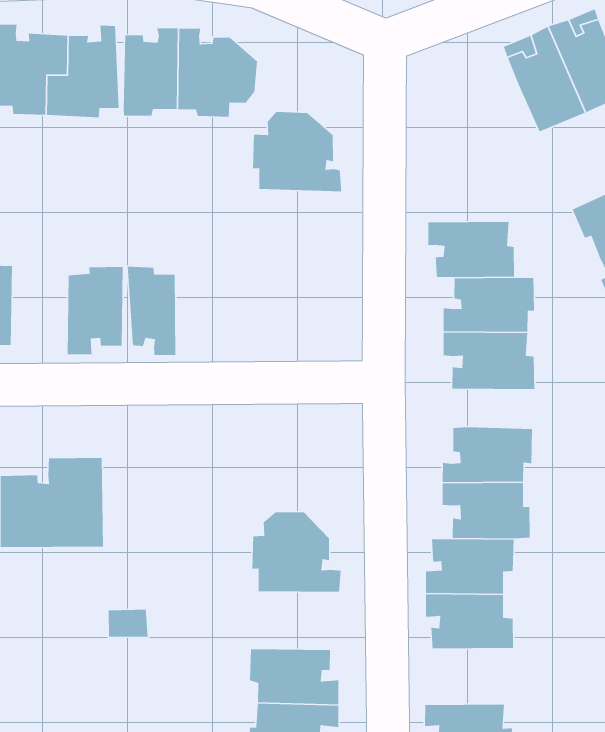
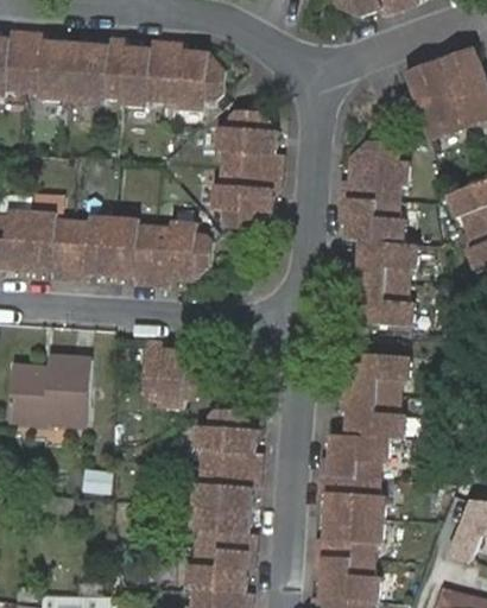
building: none -> [342,140,410,202]
building: none -> [210,166,280,230]
building: none -> [29,210,74,279]
building: none -> [150,221,211,286]
building: none -> [141,338,203,407]
building: none -> [190,463,259,509]
building: none -> [316,514,385,558]

